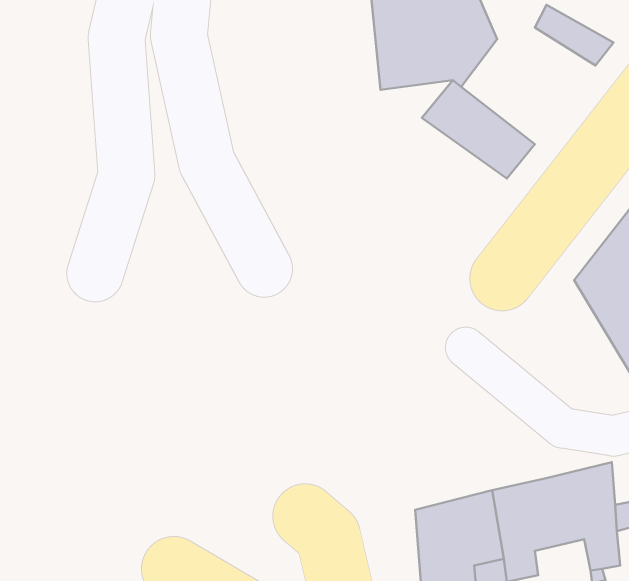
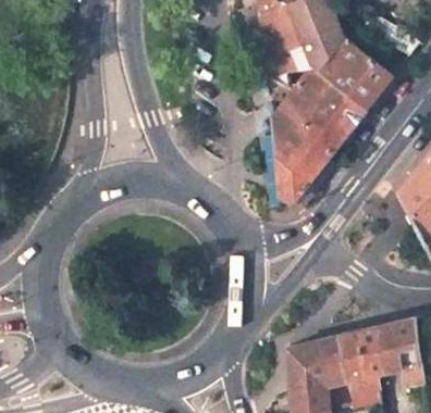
building: none -> [319,23,392,107]
building: none -> [271,89,349,198]

